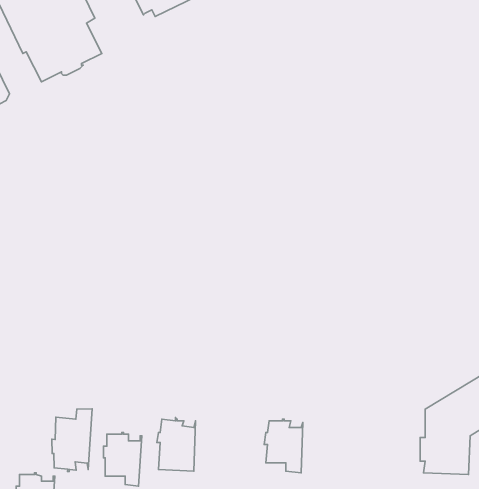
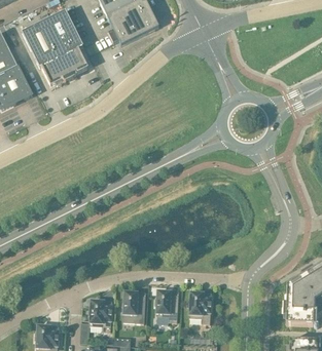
building: [52,409,92,472] -> none
building: none -> [155,289,179,321]

